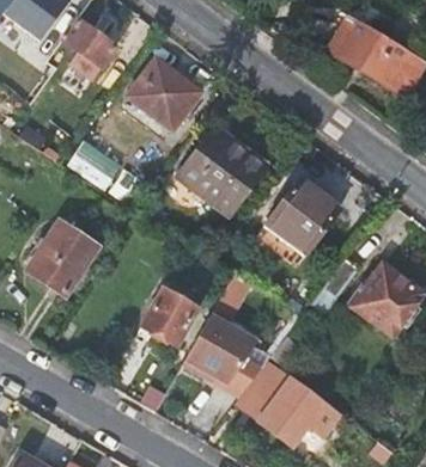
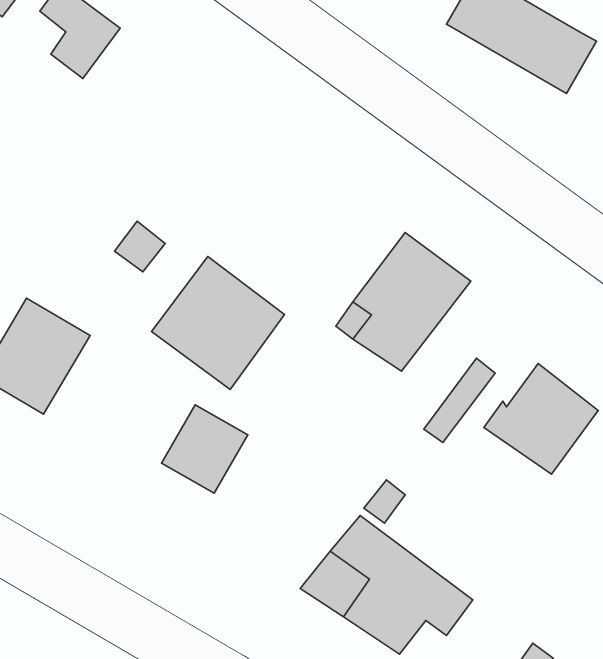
building: [126,57,201,131] -> none
building: [176,127,261,211] -> [152,256,285,390]
building: [71,139,123,184] -> none
building: [181,312,255,383] -> none

